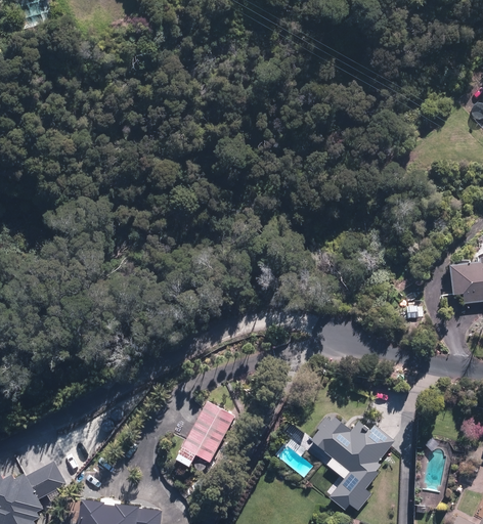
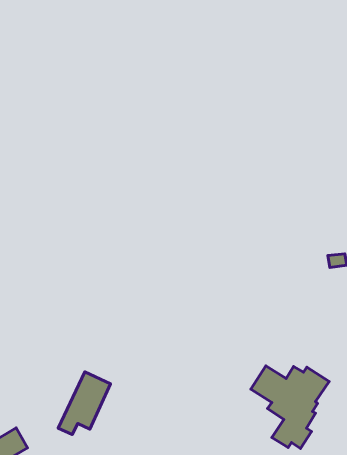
building: [175,401,235,468] -> [58,372,111,434]

